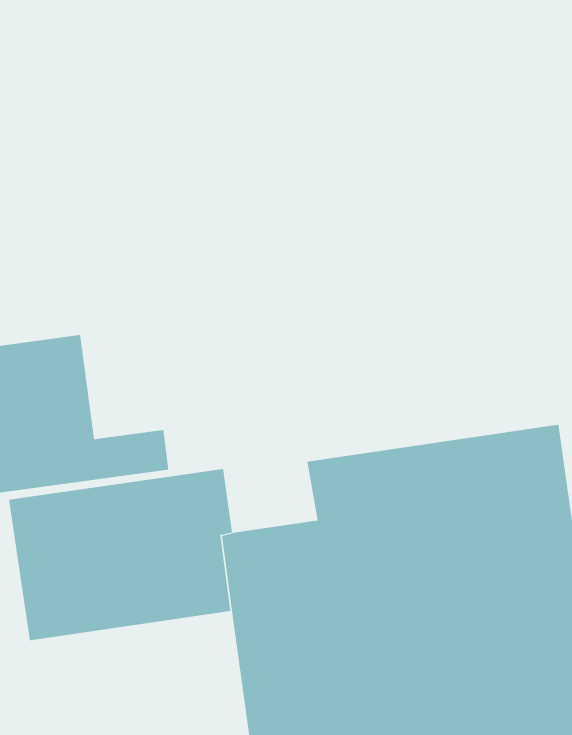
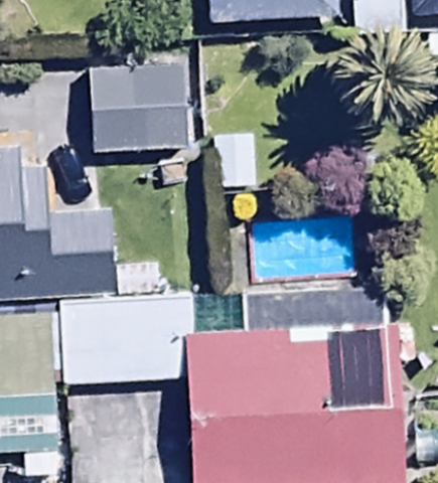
building: none -> [89,70,191,160]

